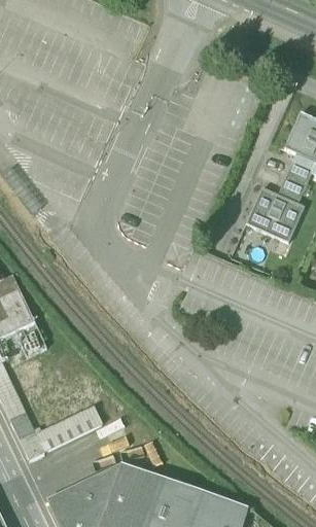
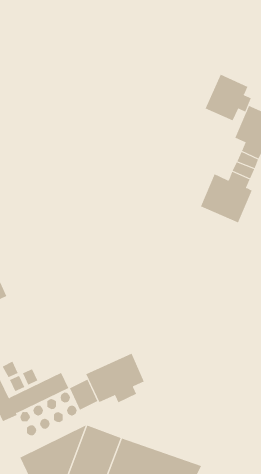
building: none -> [205,74,252,121]
building: none -> [85,353,144,403]

